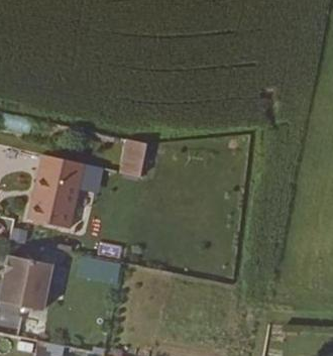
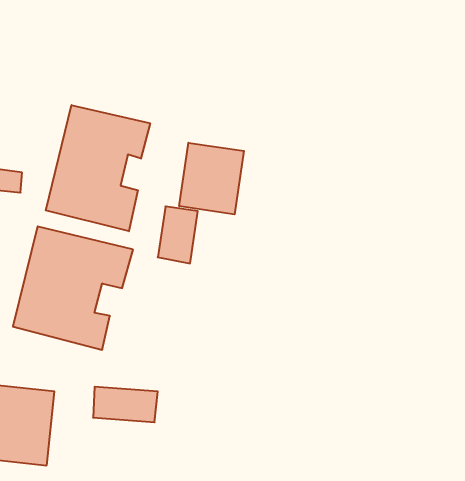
building: none -> [46,105,150,231]
building: none -> [179,143,244,214]

